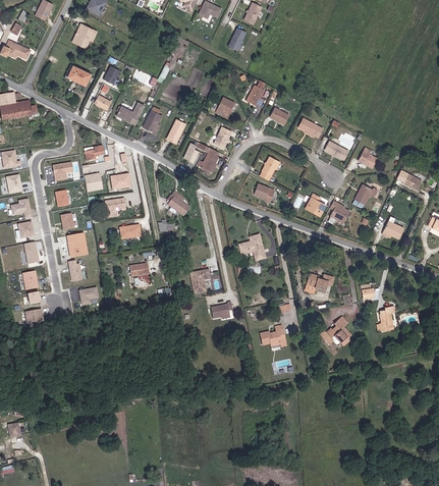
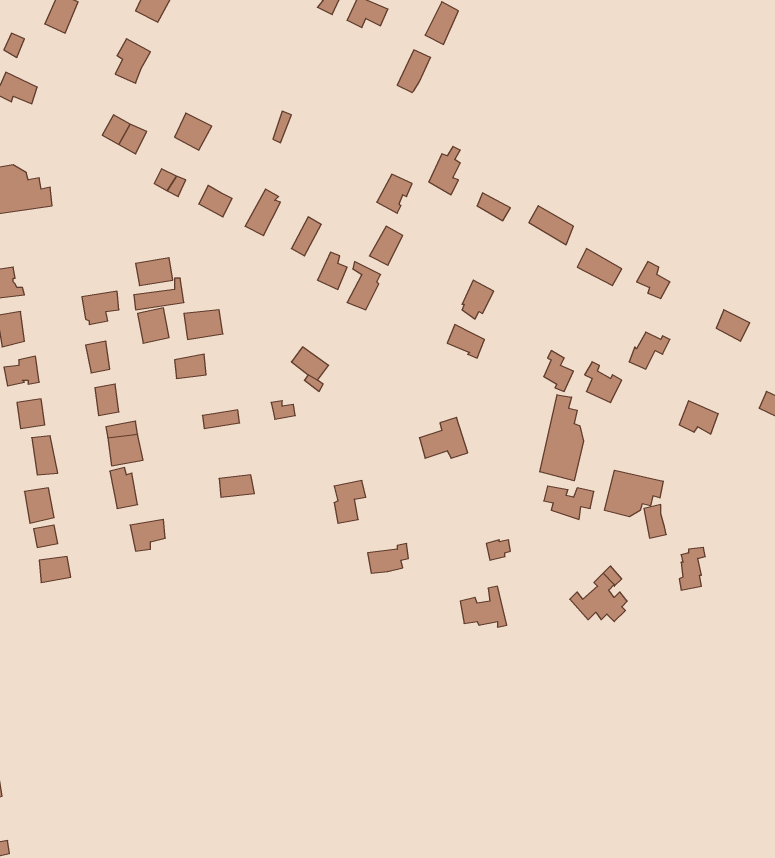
building: none -> [540,395,584,481]
building: none -> [605,470,663,517]

